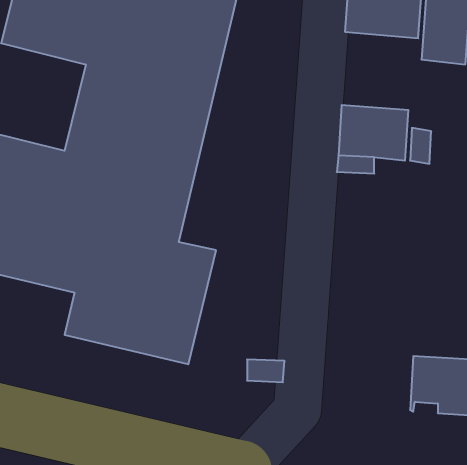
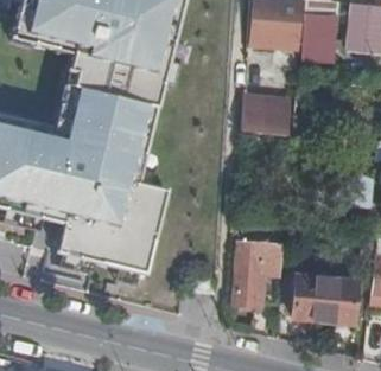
building: none -> [240,234,285,302]

